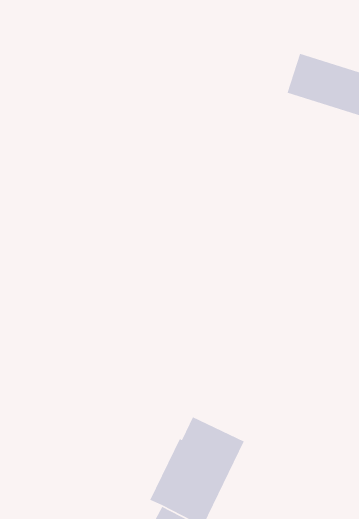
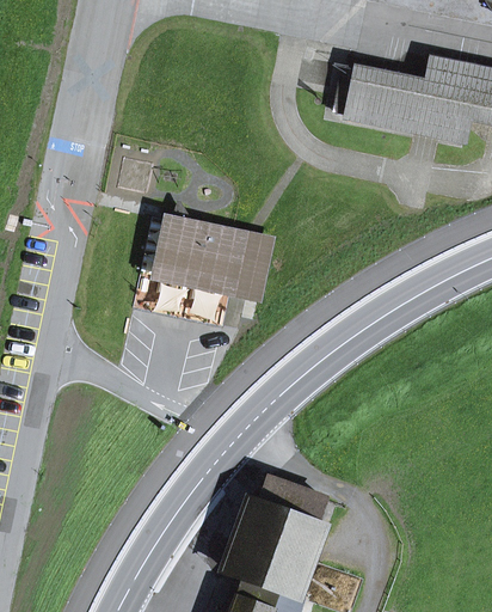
building: none -> [161,219,275,294]

